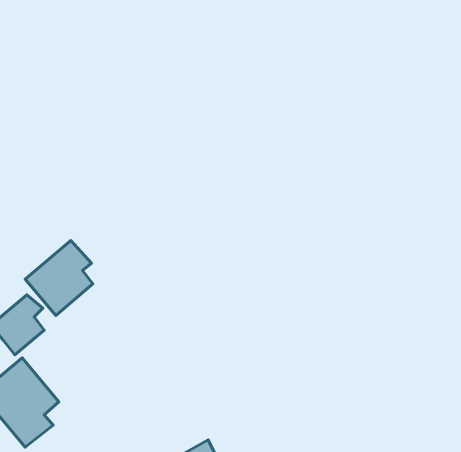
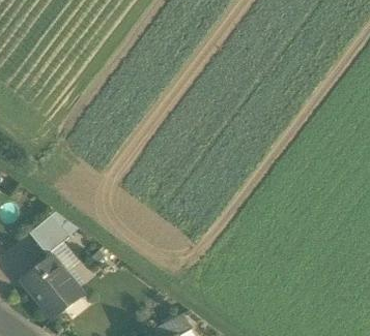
building: [25,240,93,315] -> none

